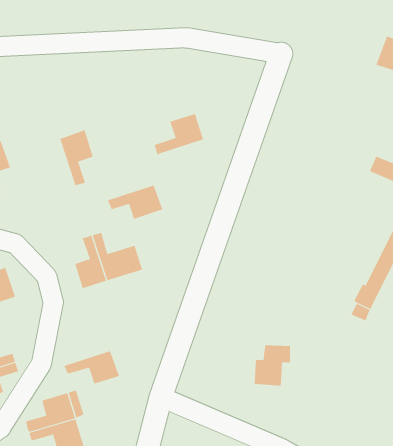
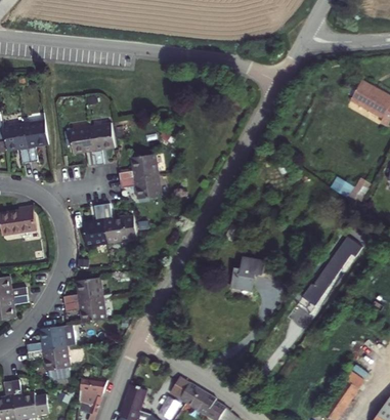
building: [154,114,204,155] -> [120,151,160,178]
building: none -> [71,124,97,165]
building: none -> [64,277,104,303]
building: [254,345,291,386] -> [221,257,255,292]

